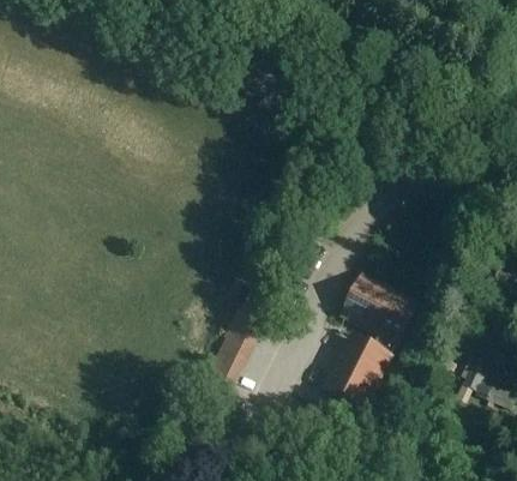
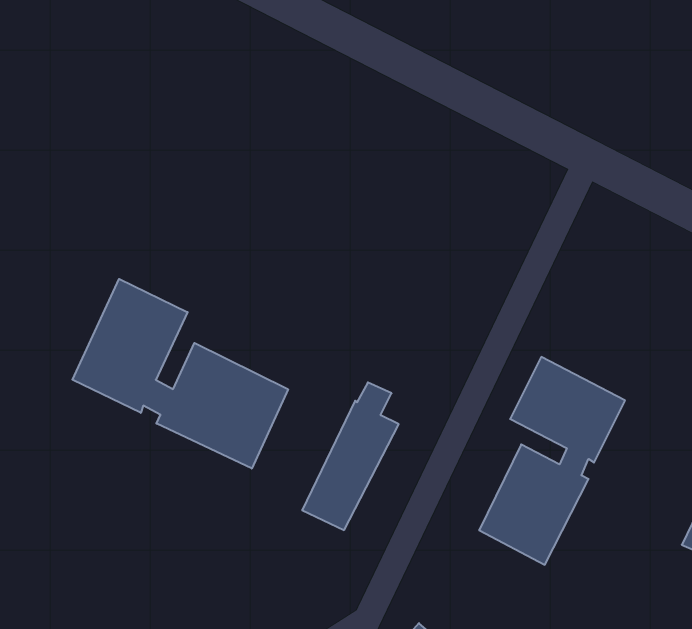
building: none -> [72,279,288,469]

